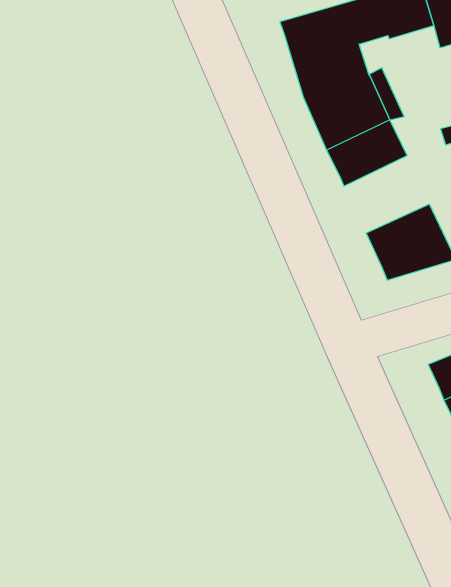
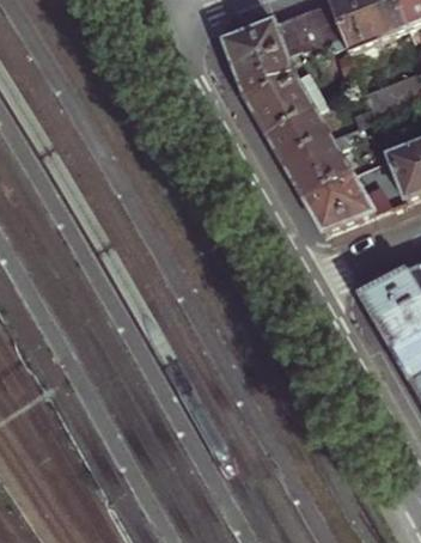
building: none -> [282,133,349,195]

